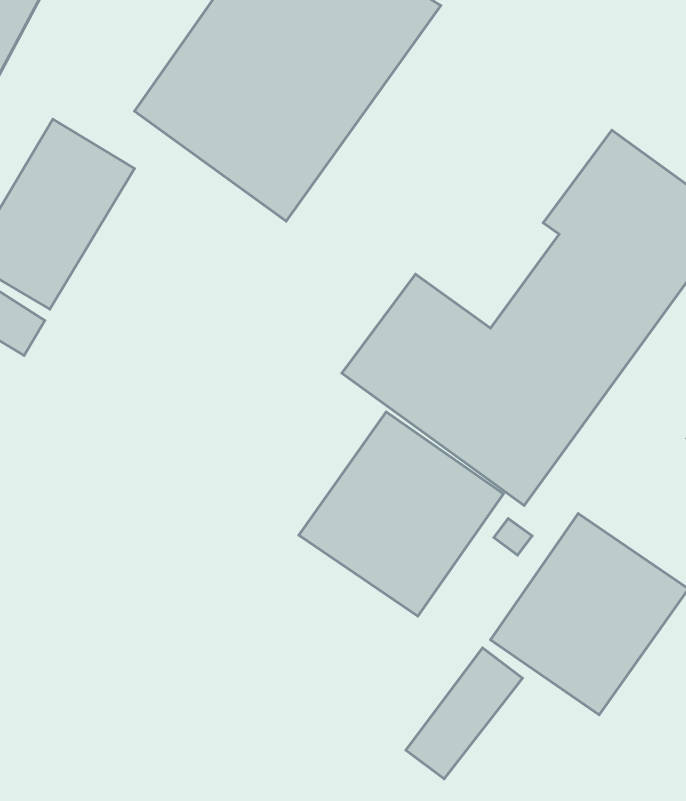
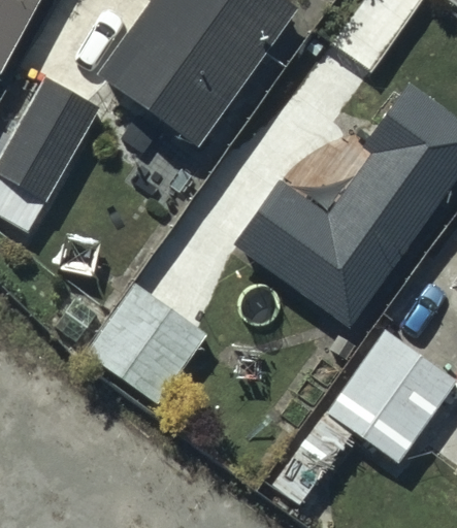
building: [299,412,504,616] -> none
building: none -> [88,284,207,402]

